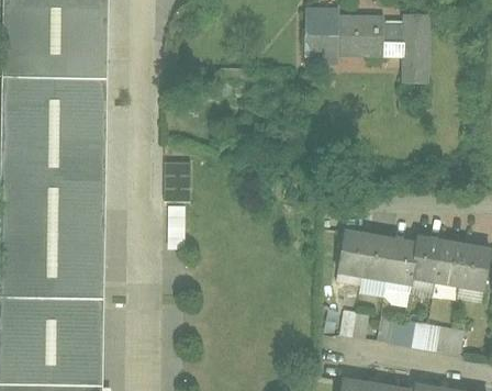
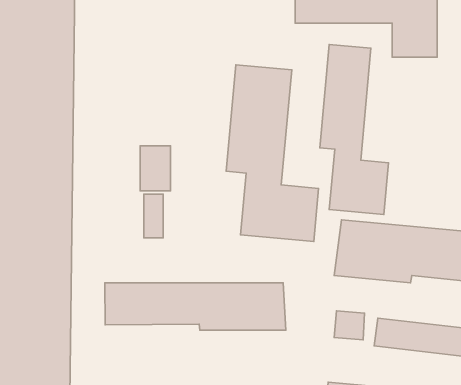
building: none -> [320,44,388,214]
building: none -> [226,65,319,242]
building: none -> [105,283,286,330]

